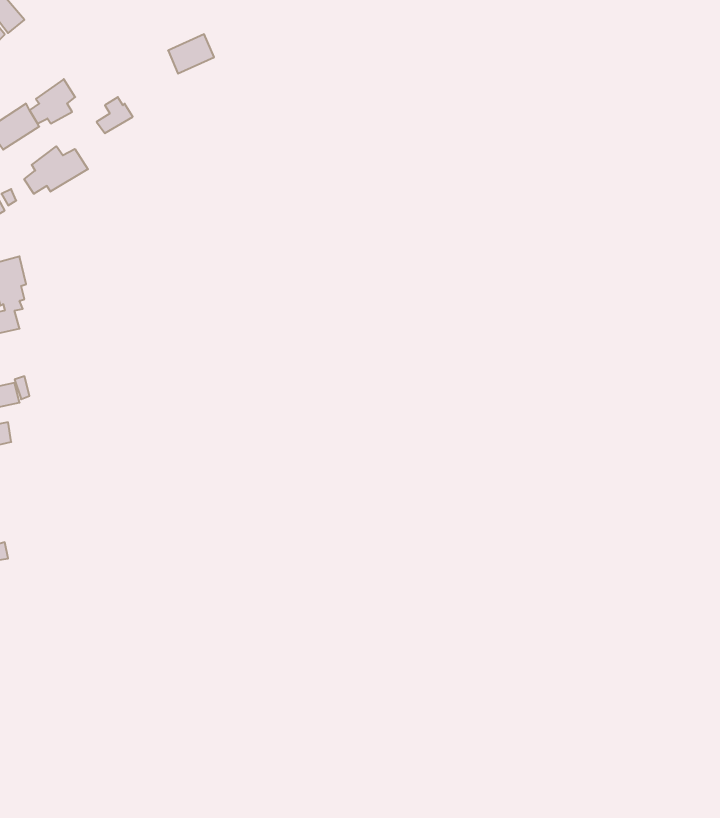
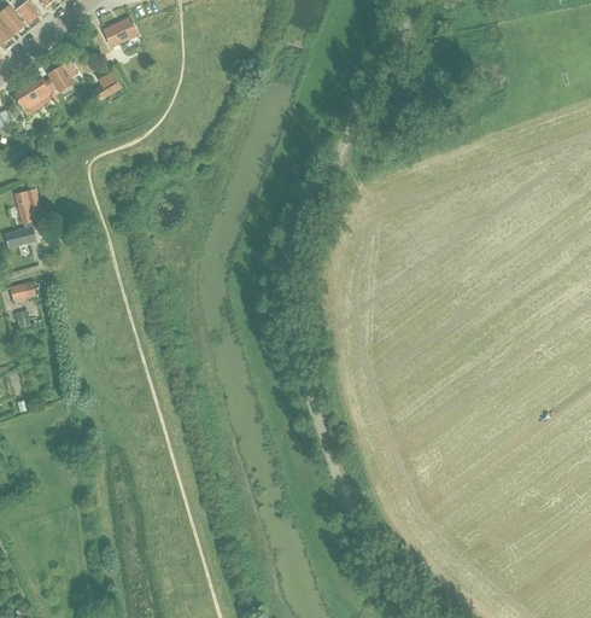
building: [168,34,214,74] -> [103,17,136,46]
building: [24,146,88,194] -> none

